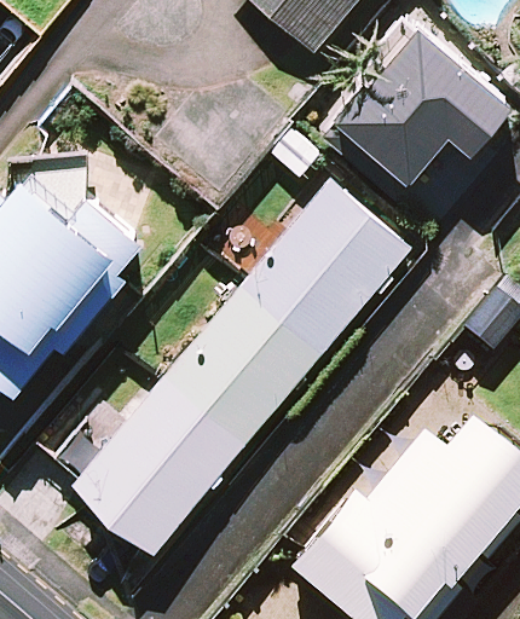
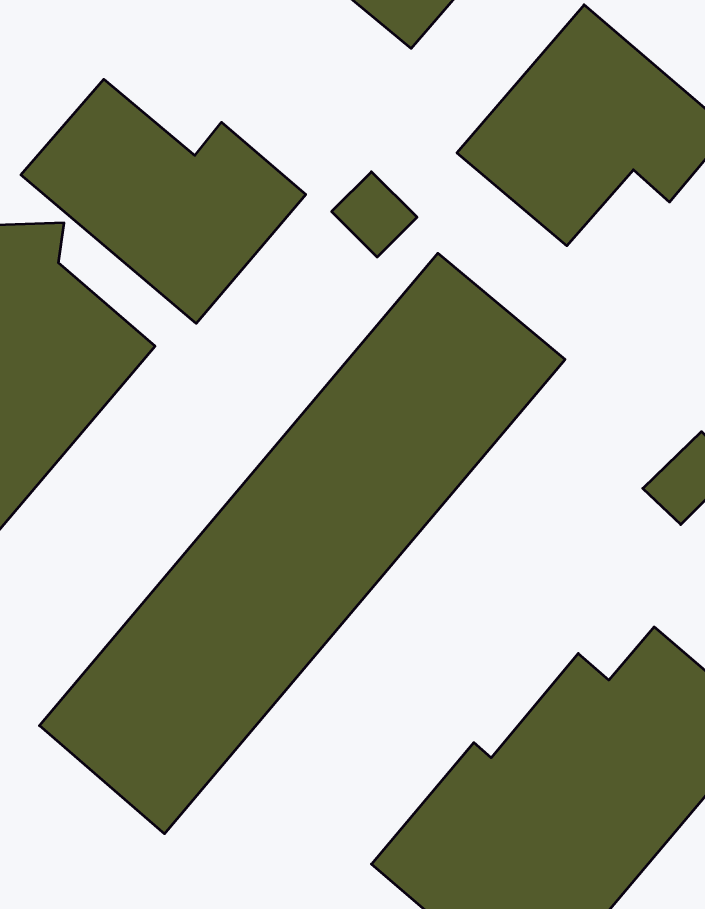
building: none -> [21,79,306,323]

